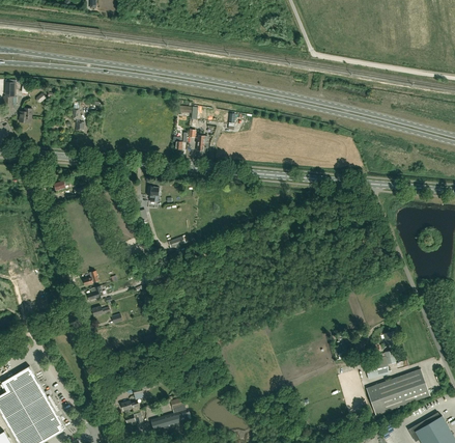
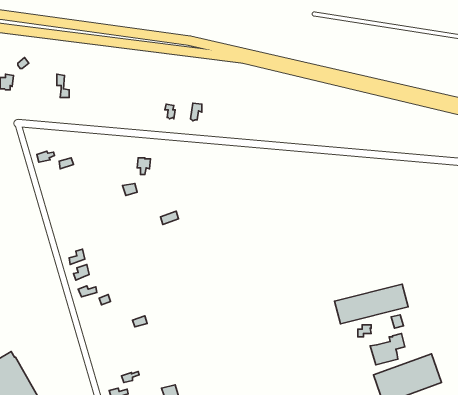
building: none -> [334,284,408,324]

